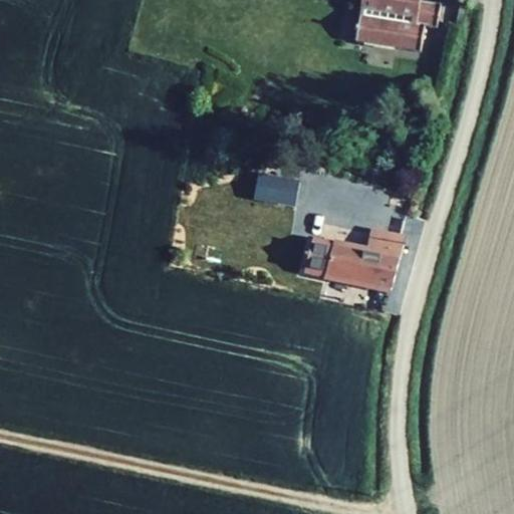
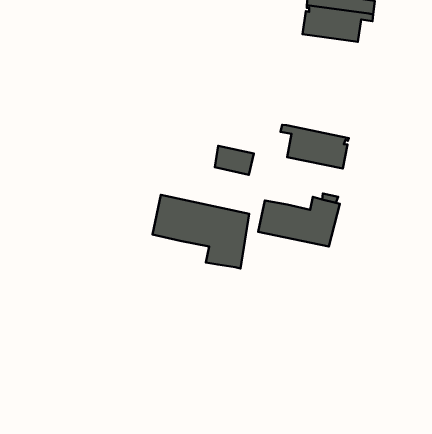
building: none -> [281,125,349,169]
building: none -> [153,195,249,268]

